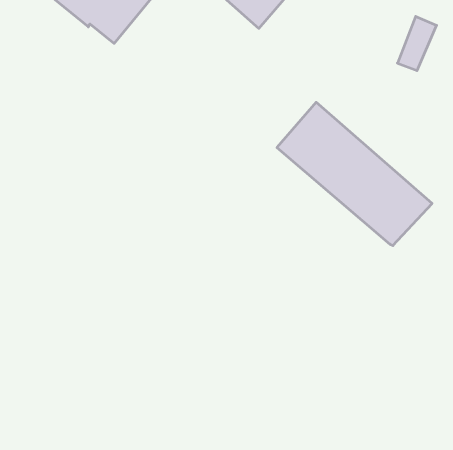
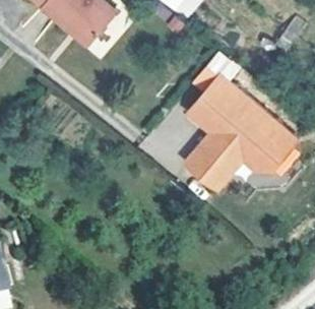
building: none -> [185,104,270,188]

